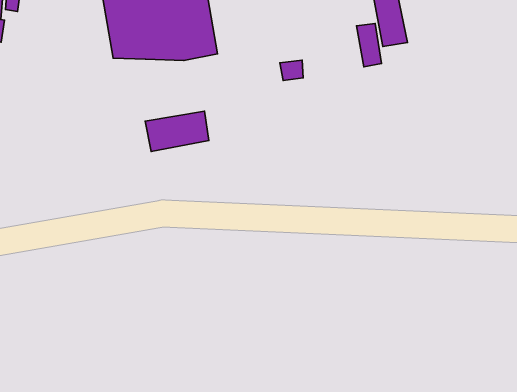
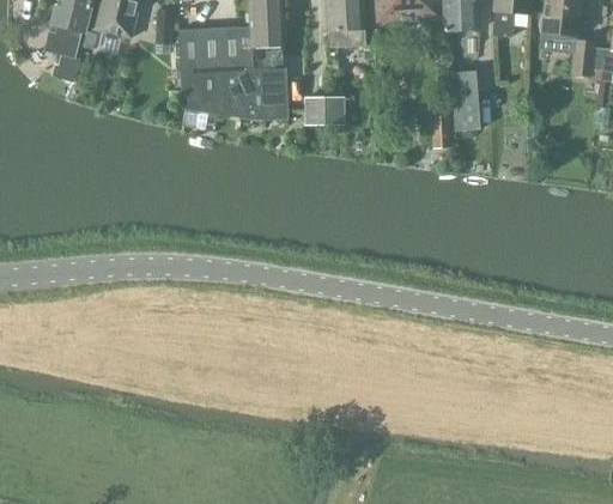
building: none -> [308,97,345,125]
building: [145,111,209,152] -> none

